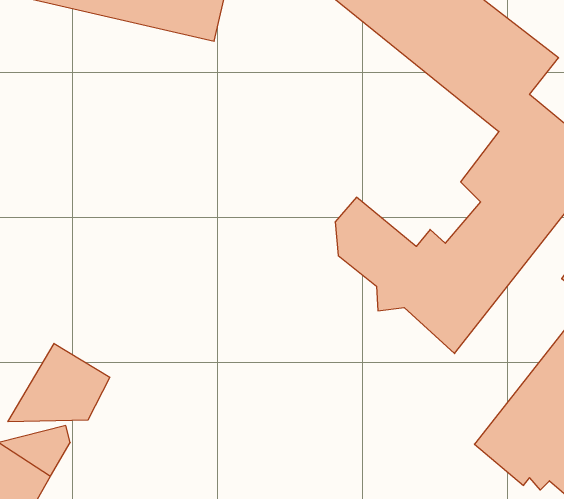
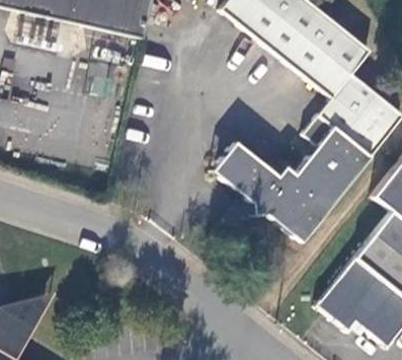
building: [8,343,110,422] -> none

